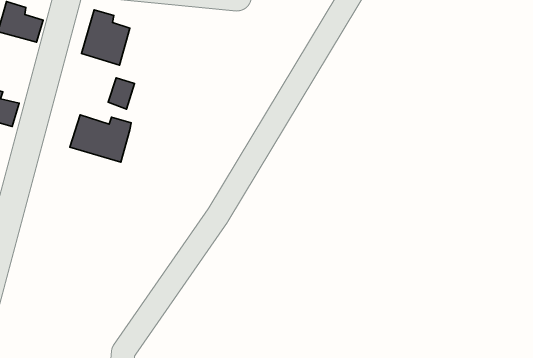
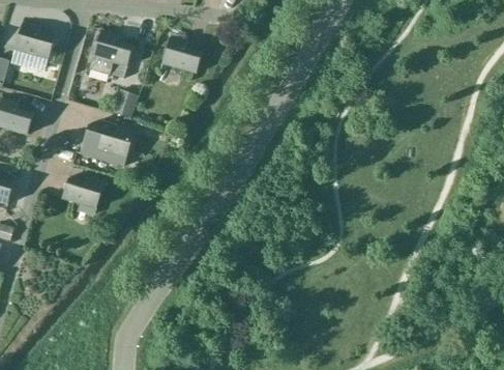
building: none -> [158,38,201,75]
building: none -> [60,178,103,216]

